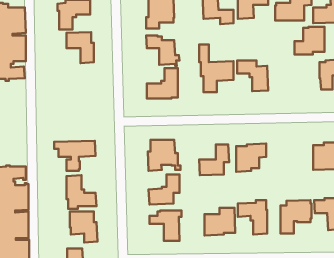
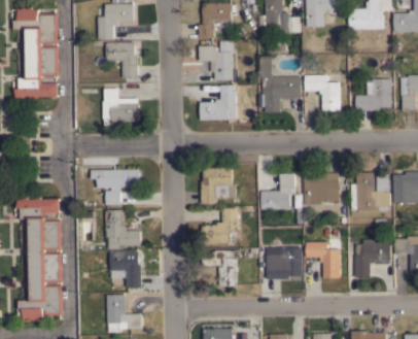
building: [294,27,324,54] -> [356,78,391,110]
building: none -> [102,89,139,126]
building: none -> [351,172,390,210]

